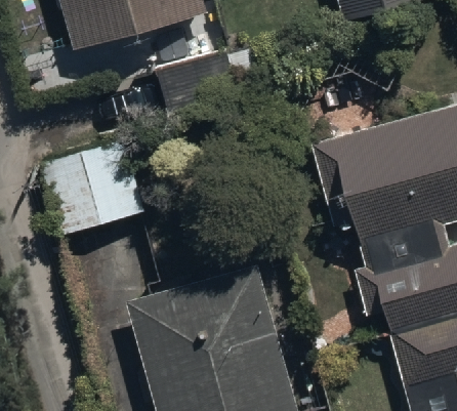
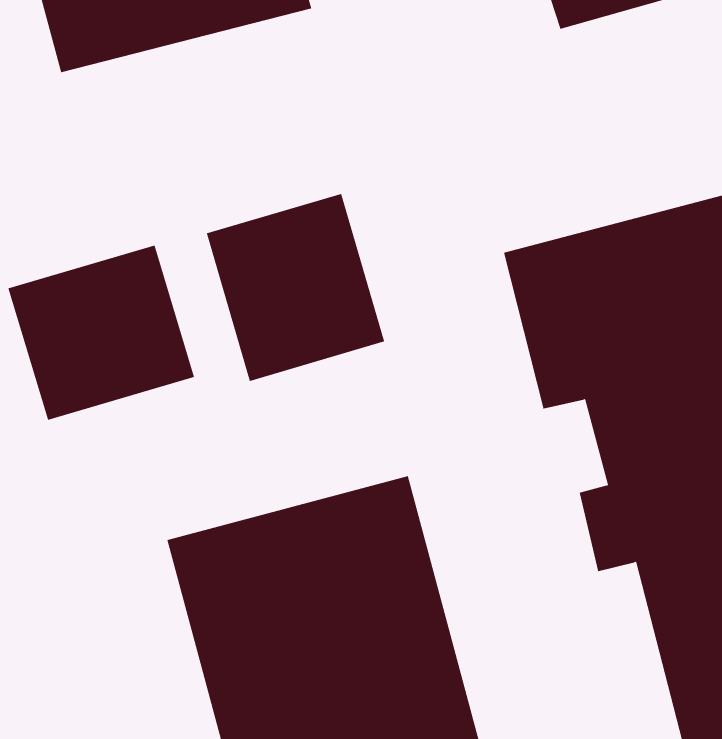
building: none -> [206,193,385,382]

